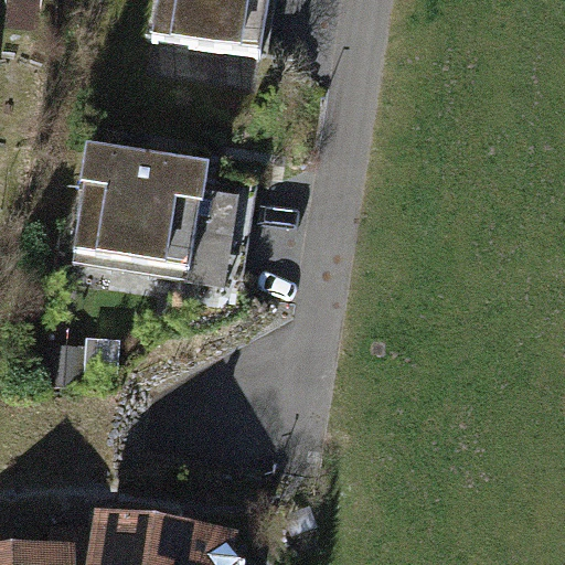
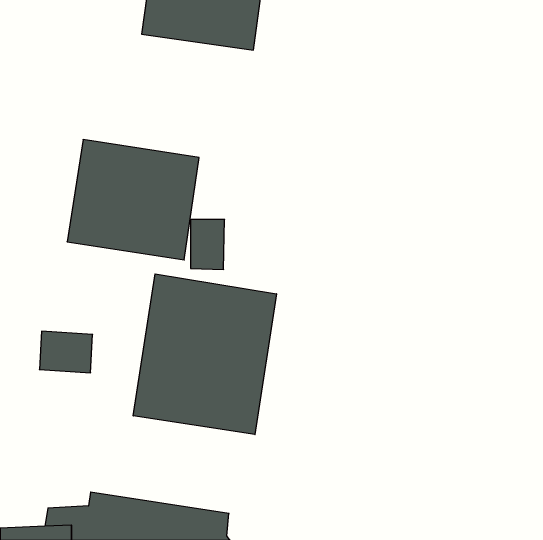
building: none -> [133,274,276,435]

